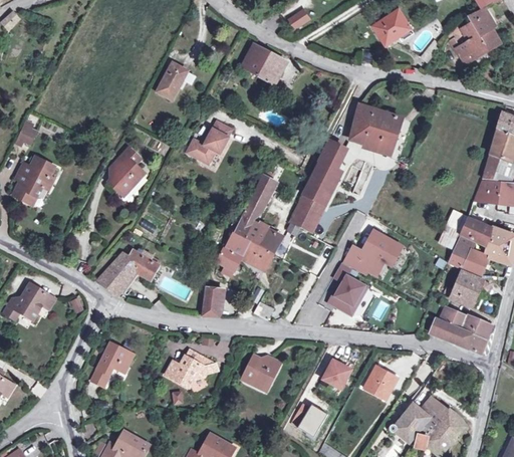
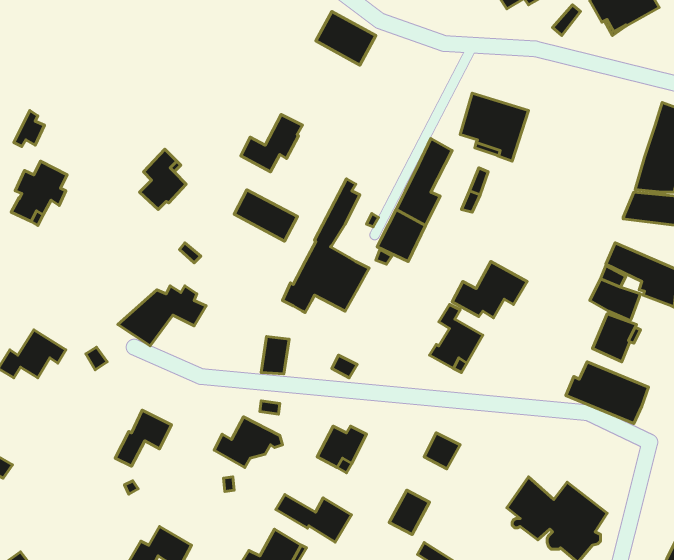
building: [157,63,188,99] -> none
building: none -> [234,190,298,241]
building: [363,368,398,400] -> none
building: none -> [276,494,352,542]

